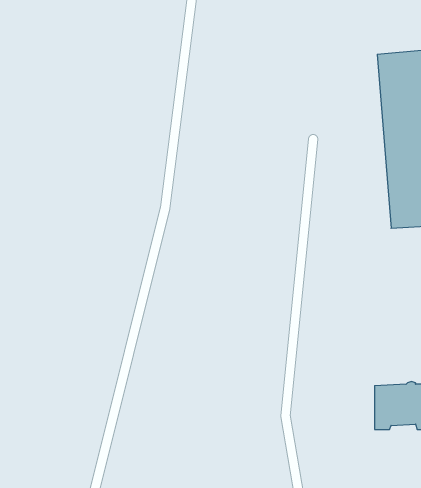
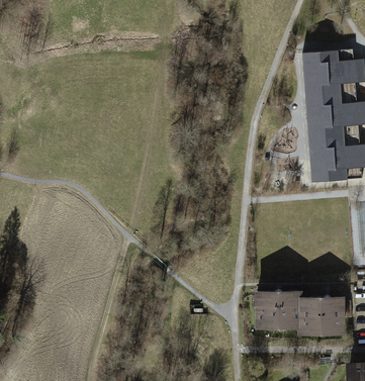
building: none -> [258,289,300,324]

